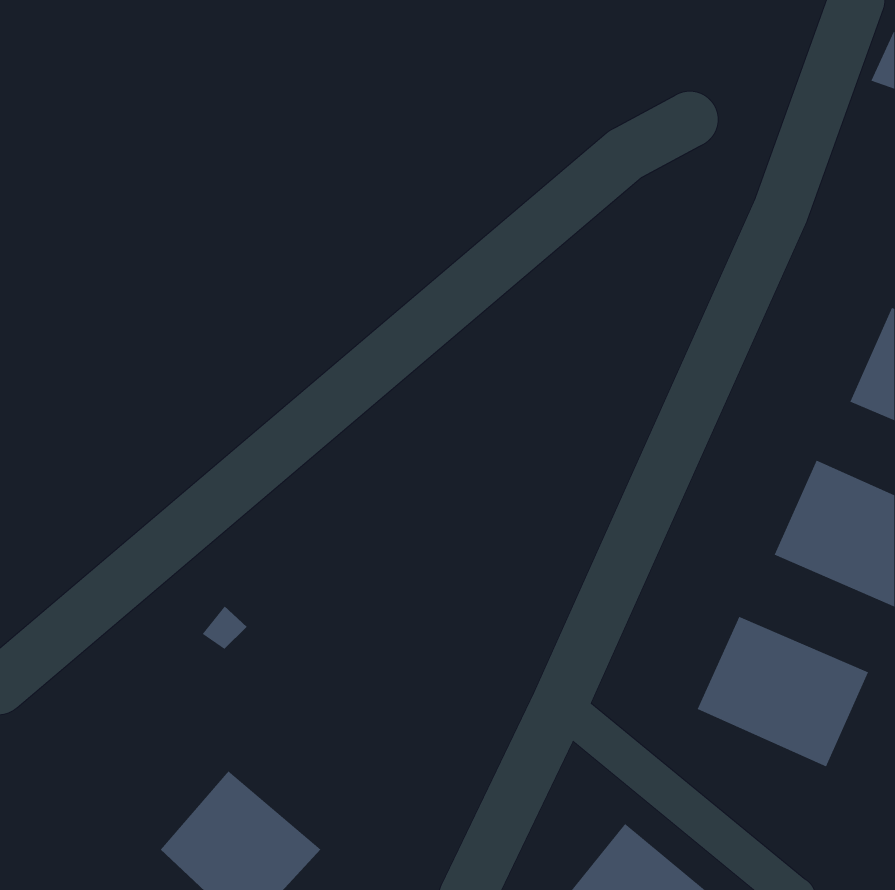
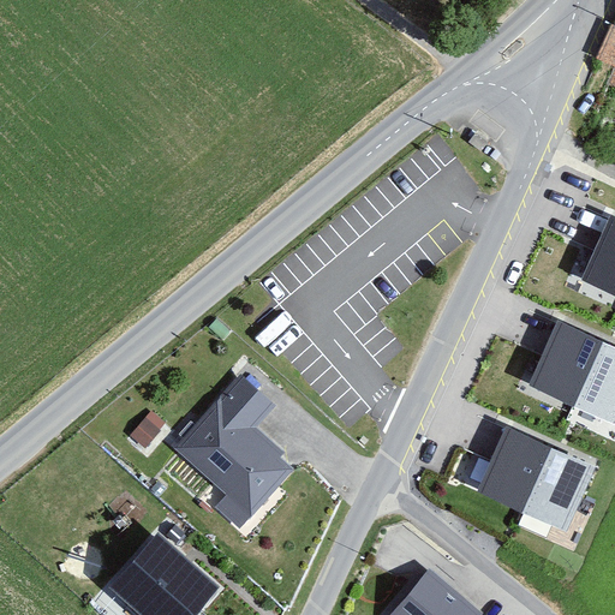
building: none -> [175,377,293,532]

